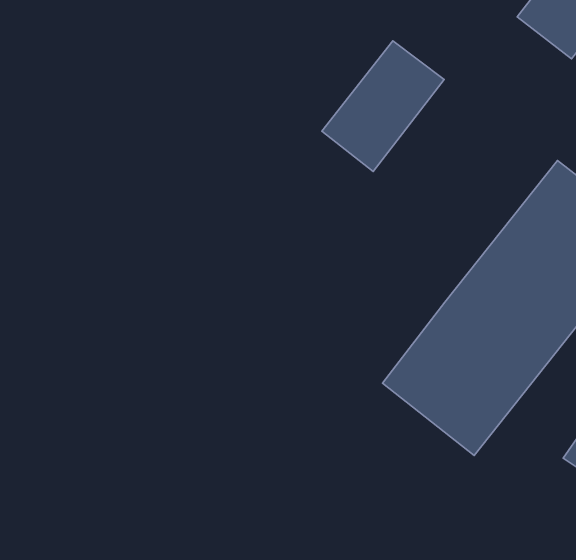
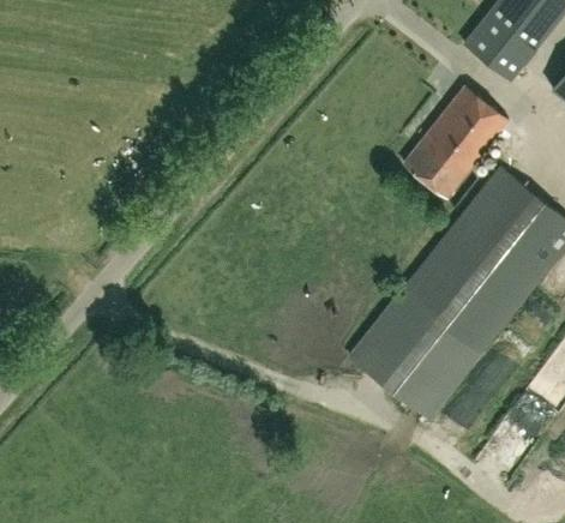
building: [322,41,444,171] -> [403,85,509,198]

